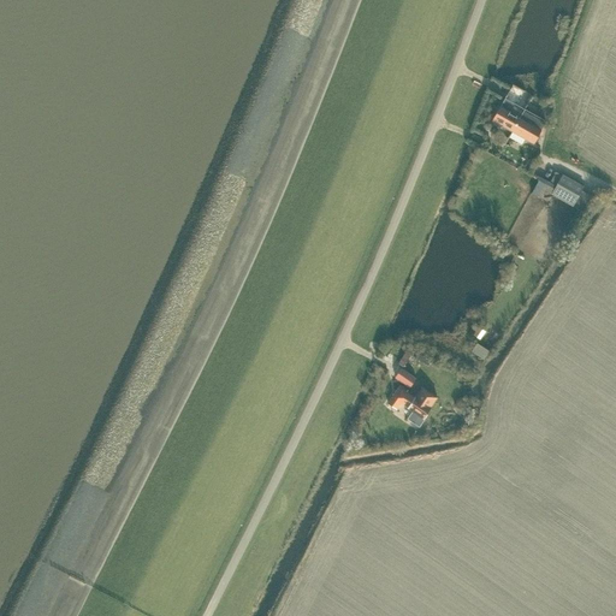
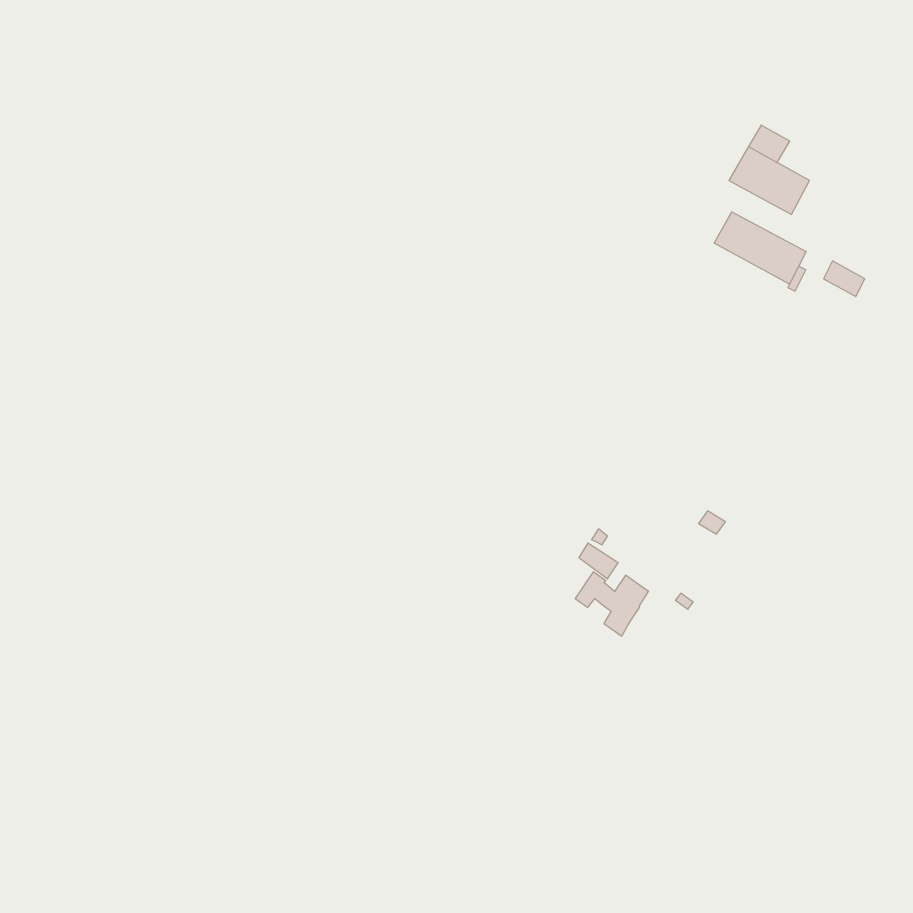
building: none -> [714,212,806,284]

